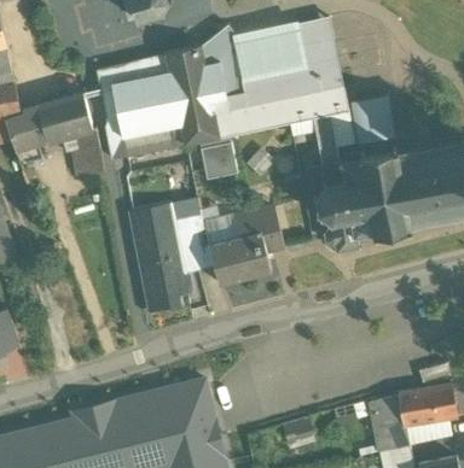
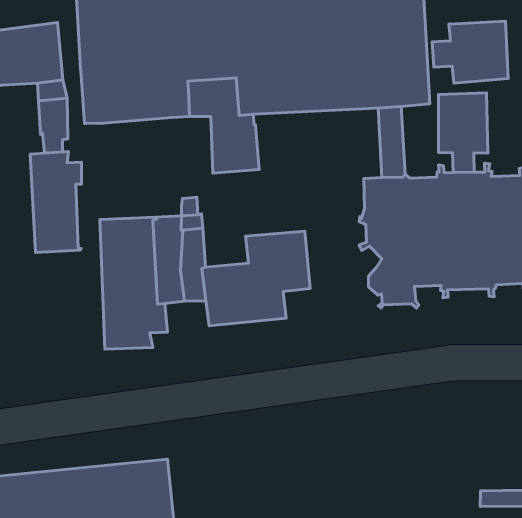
building: none -> [432,21,508,83]
building: none -> [30,152,82,253]

